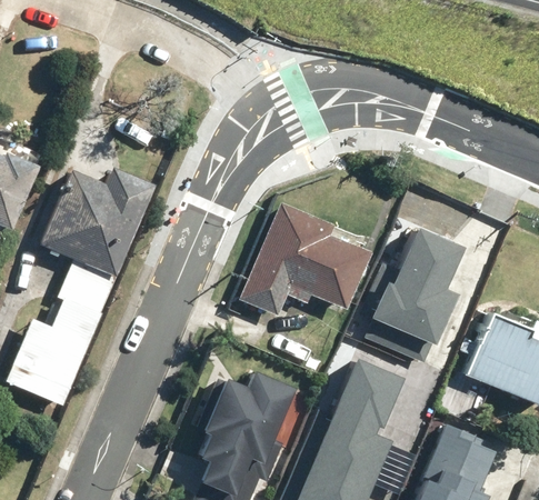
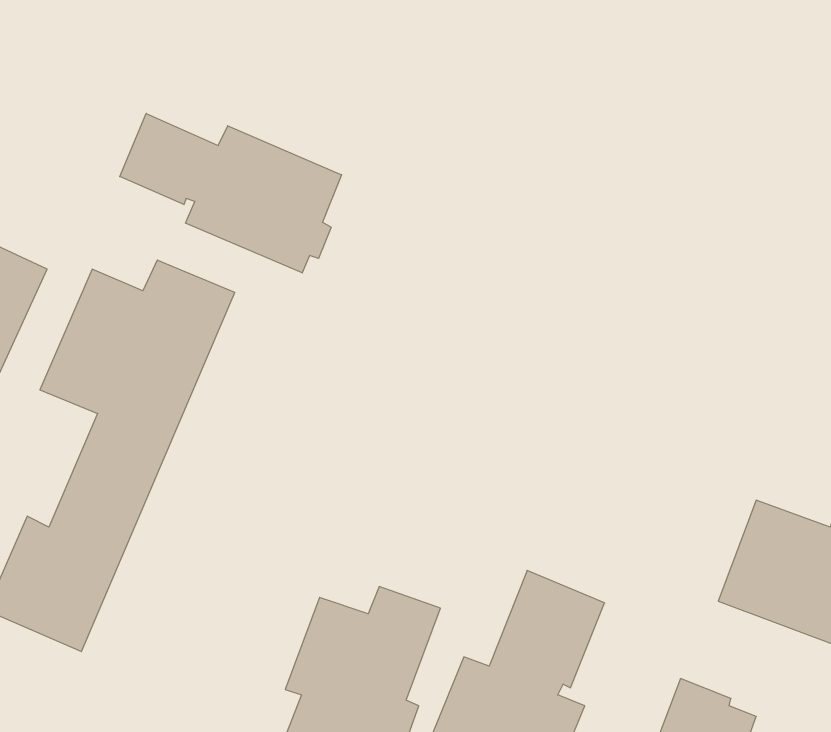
building: none -> [120,113,342,273]
building: [243,200,376,317] -> none
building: [358,224,466,367] -> none

